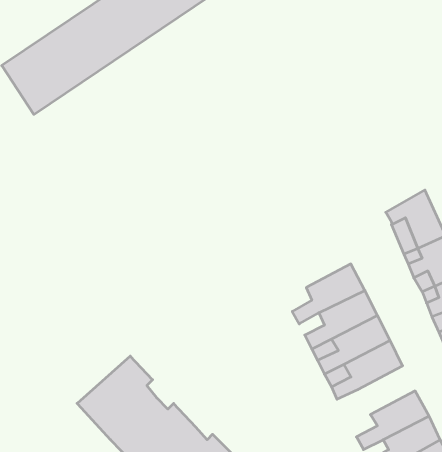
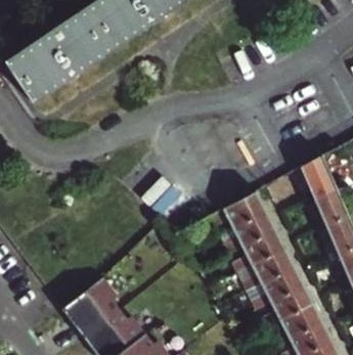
building: none -> [208,189,265,226]
building: none -> [260,283,312,326]

